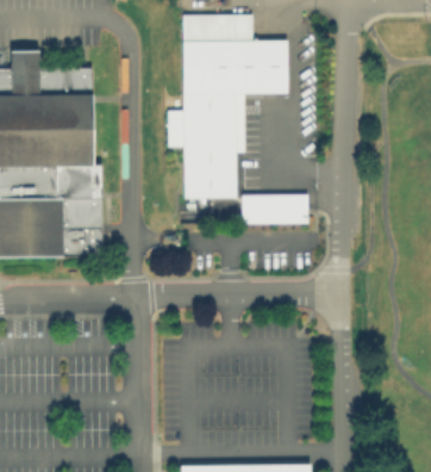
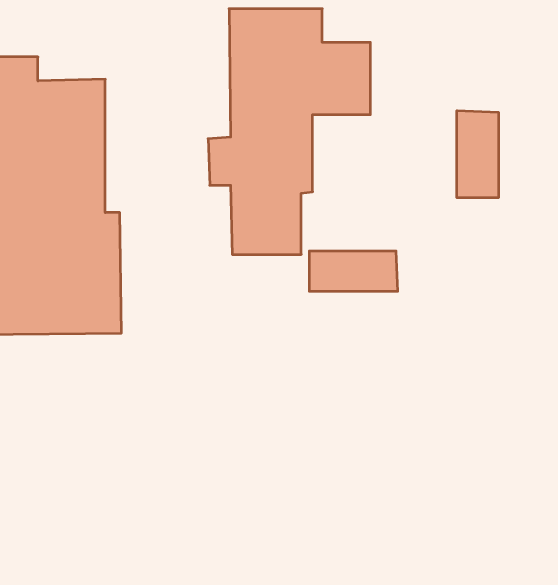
building: none -> [457,111,498,198]

